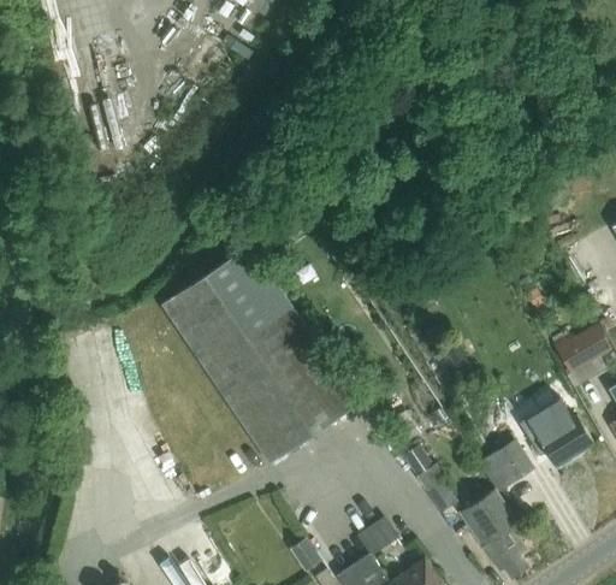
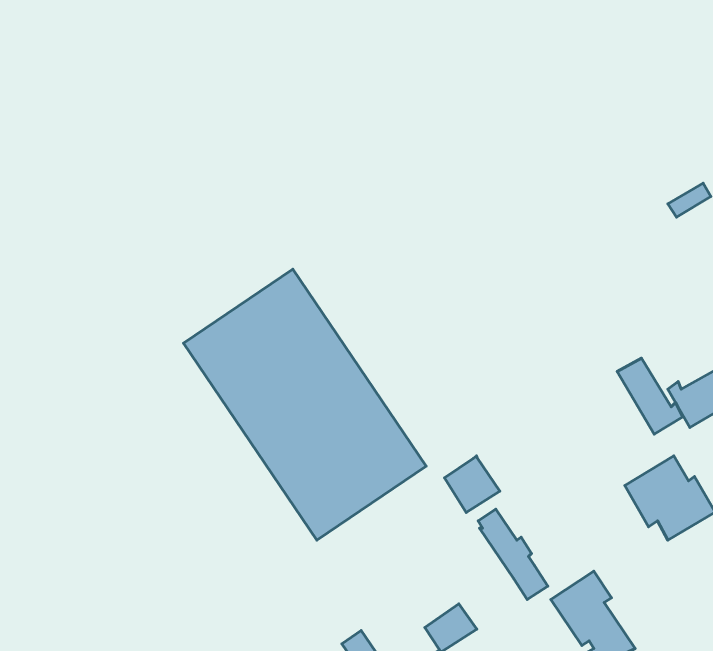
building: none -> [617,358,683,434]
building: none -> [444,456,500,513]
building: [478,438,534,492] -> none

